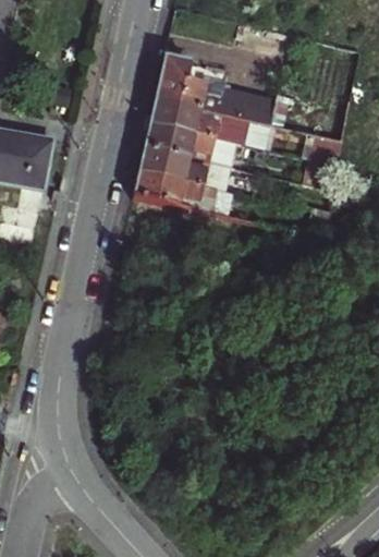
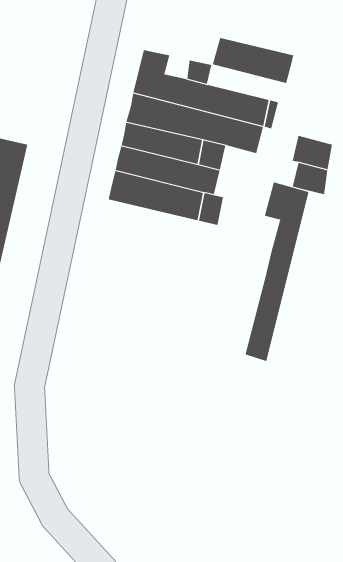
building: none -> [212,37,294,84]
building: none -> [245,182,309,362]

